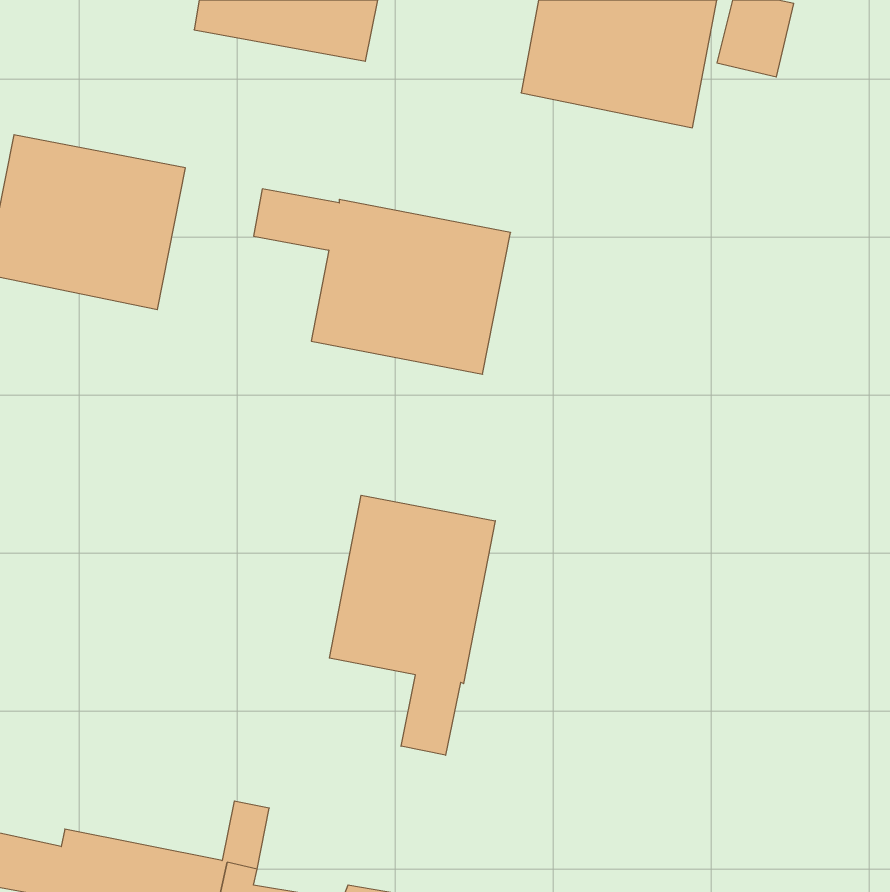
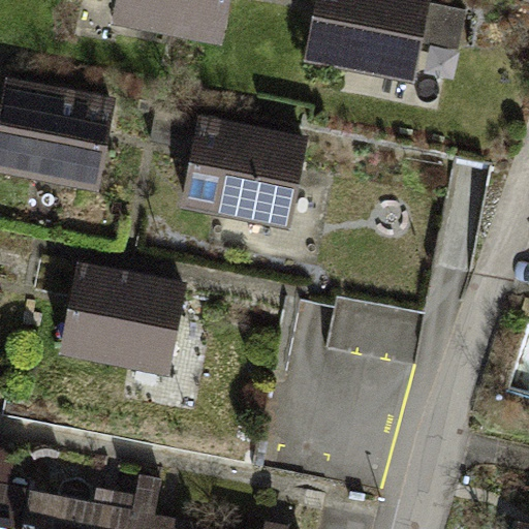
building: none -> [62,264,181,368]
building: [329,495,495,755] -> none

